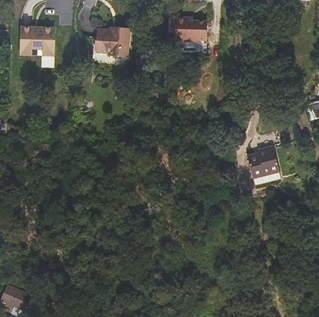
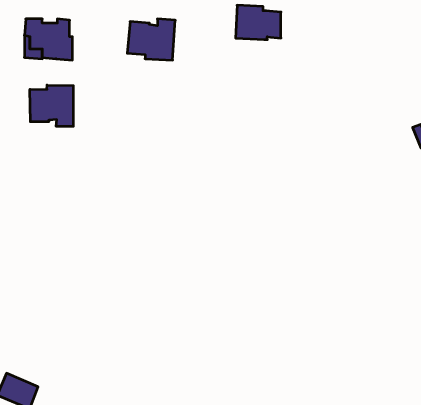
building: none -> [30,85,73,126]
building: [247,145,281,184] -> none

